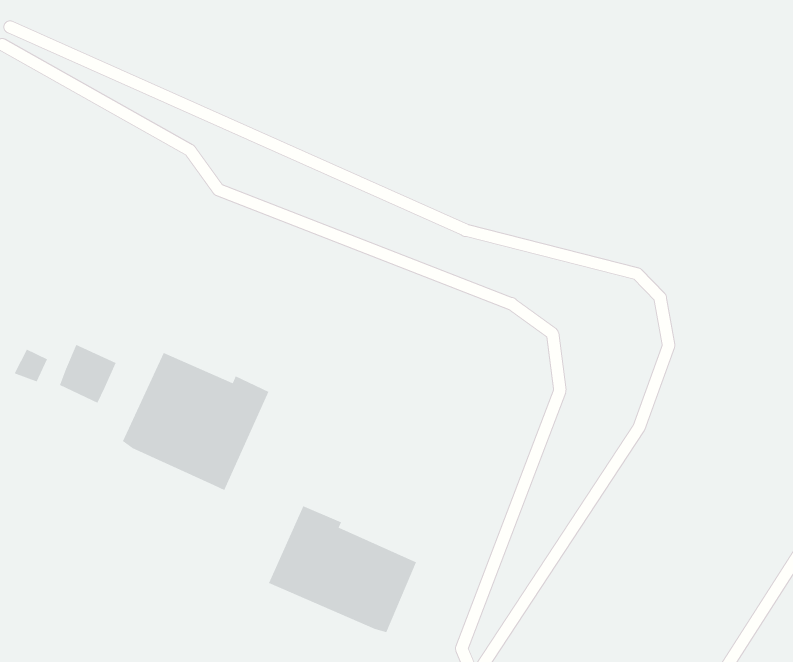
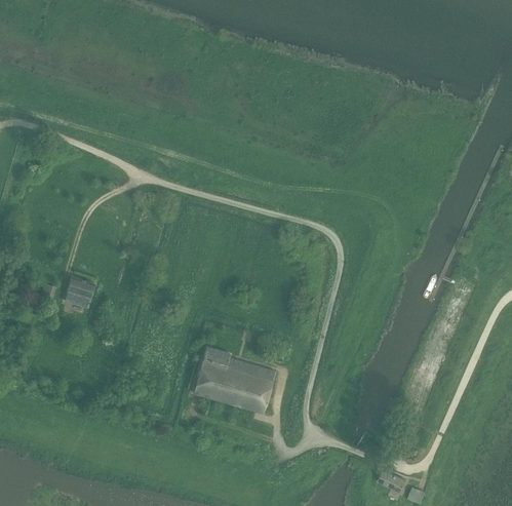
building: [122,352,269,491] -> none

